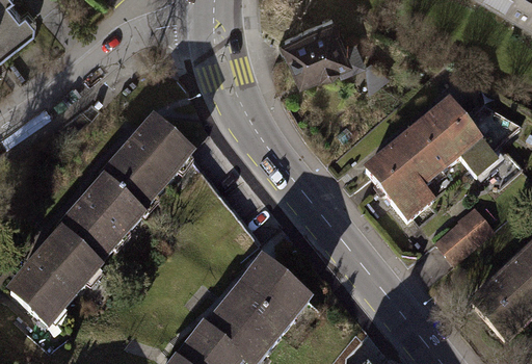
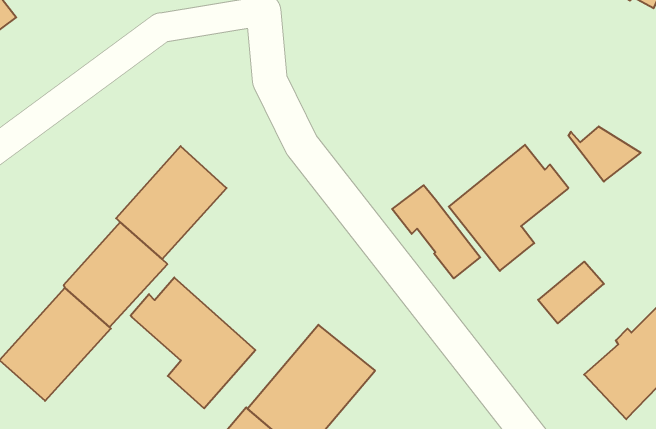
building: [277,14,362,74] -> none
building: [426,101,496,175] -> [392,185,480,278]
building: none -> [131,277,255,408]

